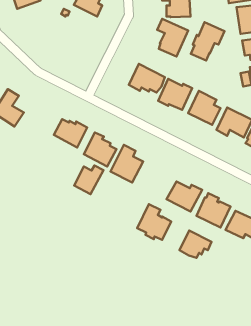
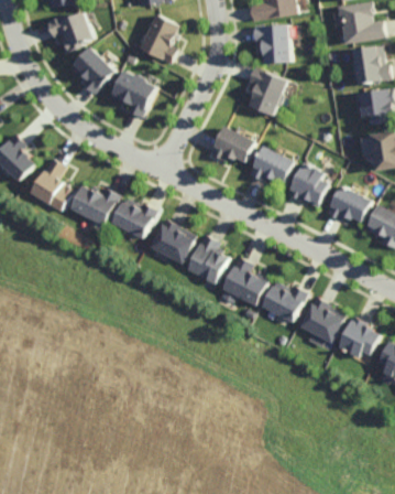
building: none -> [68,46,114,95]
building: [191,22,225,60] -> none
building: none -> [110,71,158,118]
building: none -> [69,185,119,223]
building: [74,165,103,194] -> none
building: [137,204,171,240] -> [221,256,266,303]
building: [180,231,212,258] -> none

